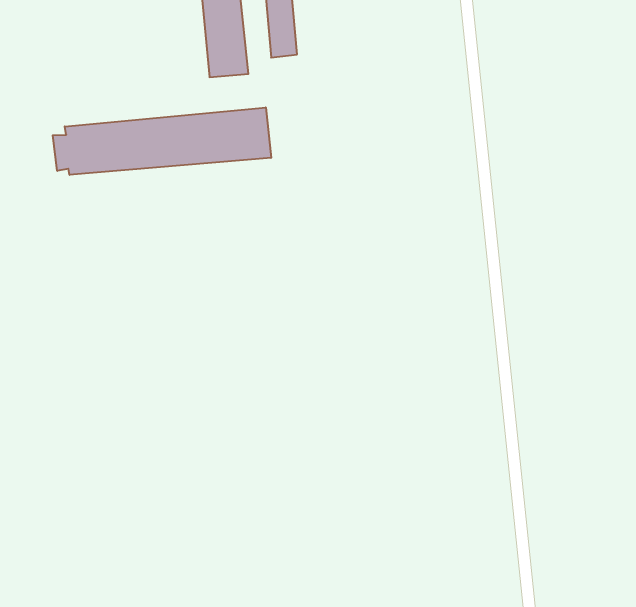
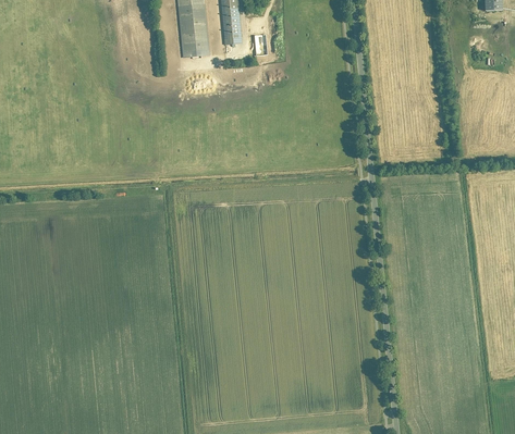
building: [53,107,271,175] -> none

